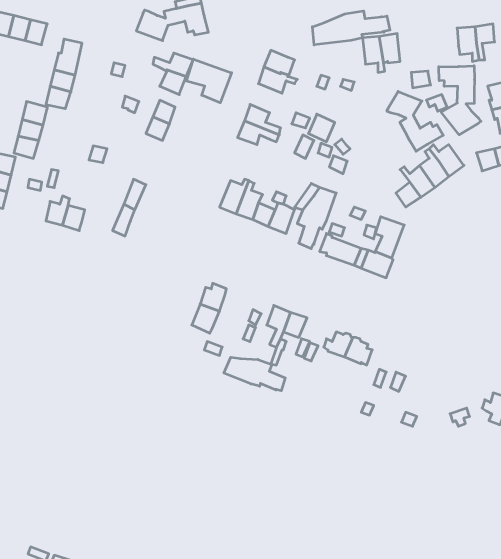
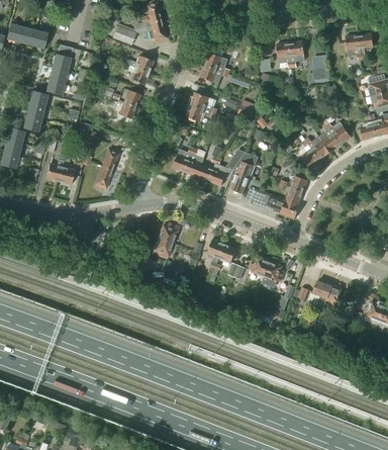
building: [312,11,390,45] -> none
building: [186,59,232,103] -> none
building: [439,66,481,135] -> none
building: [387,91,443,151] -> none
building: [224,357,285,391] -> none
building: none -> [308,281,341,304]

